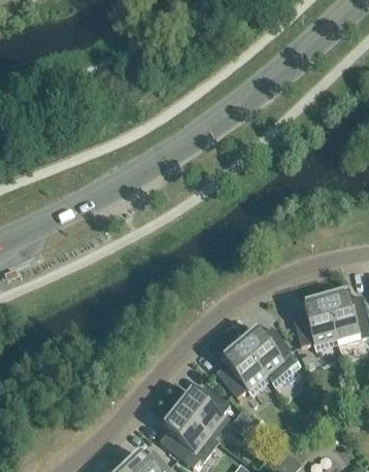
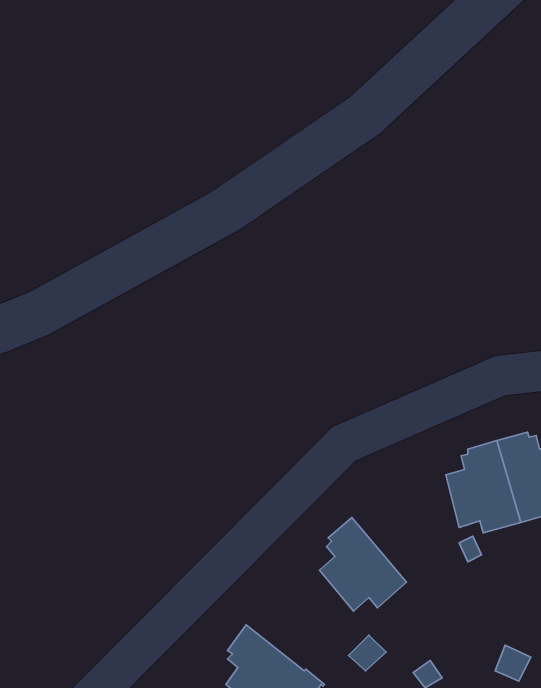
building: [236,326,300,386] -> none
building: [172,384,230,433] -> none

